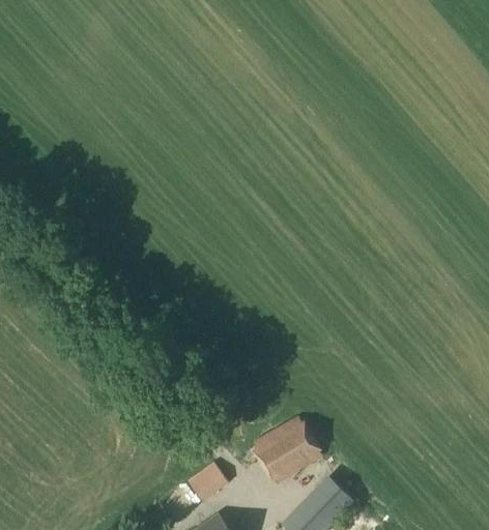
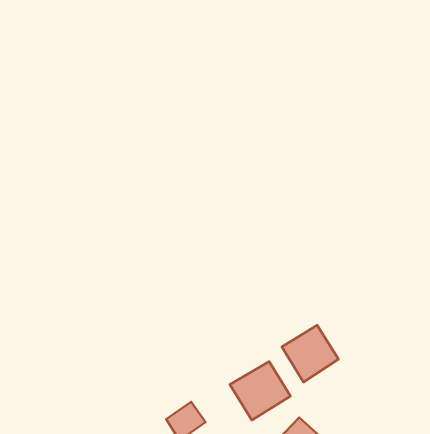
building: none -> [282,325,339,382]

